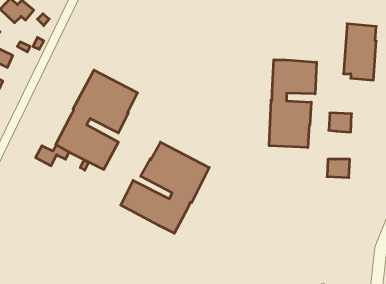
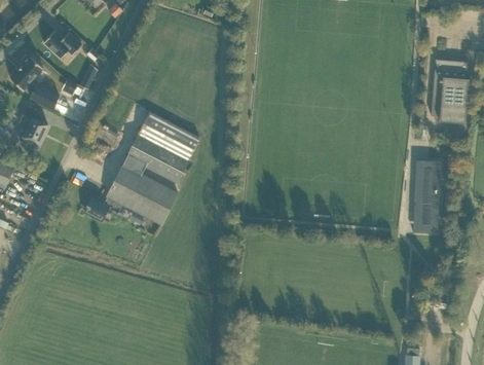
building: [269,60,316,148] -> none
building: none -> [413,180,439,213]
building: [121,142,209,233] -> none

